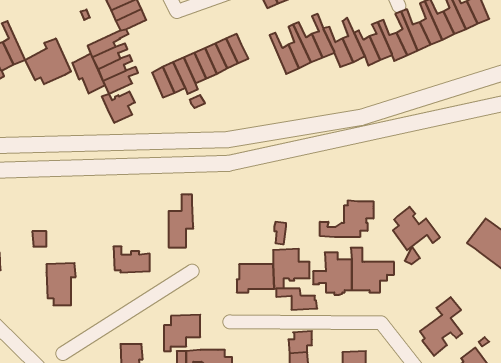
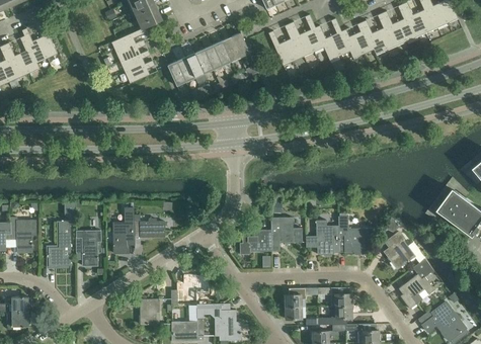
building: [25,38,71,84] -> none
building: [72,54,105,94] -> none
building: [102,91,135,123] -> none
building: [169,195,193,247] -> [113,207,135,253]
building: [320,200,373,237] -> none
building: [393,207,440,250] -> [385,231,425,268]
building: none -> [46,221,71,268]
building: [276,289,317,310] -> [318,287,353,306]

